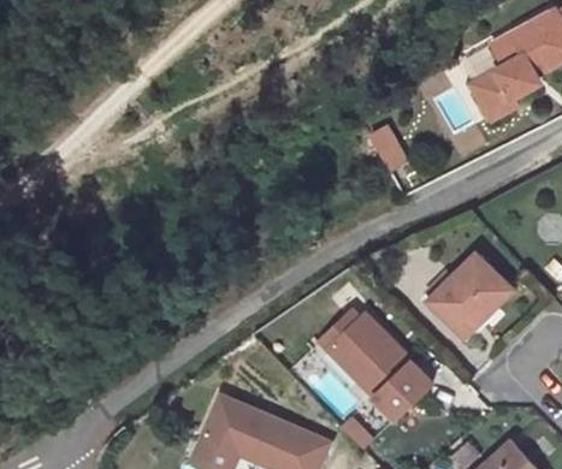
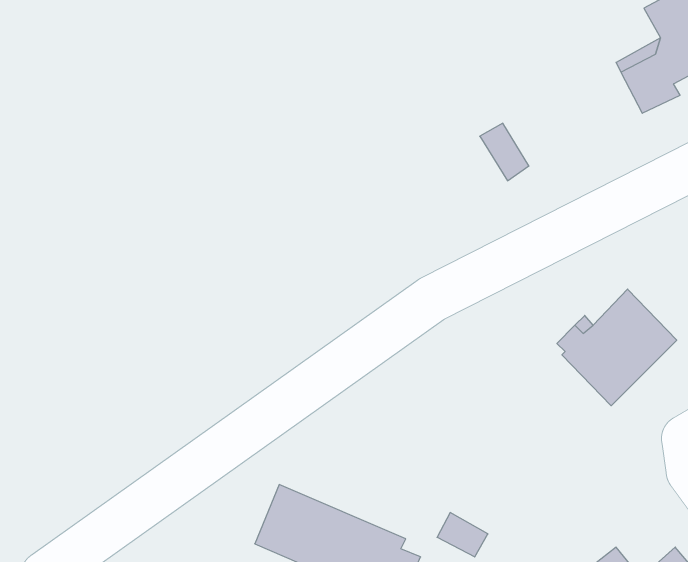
building: [329,313,413,410] -> none

